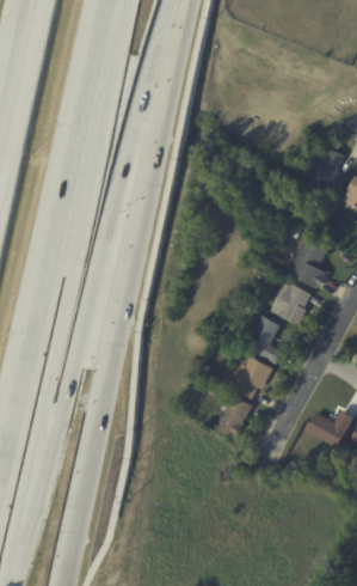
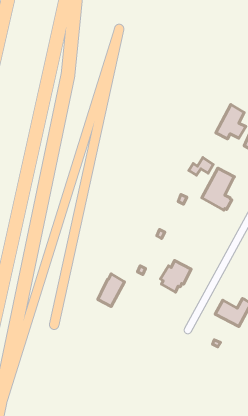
building: [270,282,312,325] -> none
building: [246,316,283,364] -> none
building: [217,395,253,439] -> [98,274,124,306]

